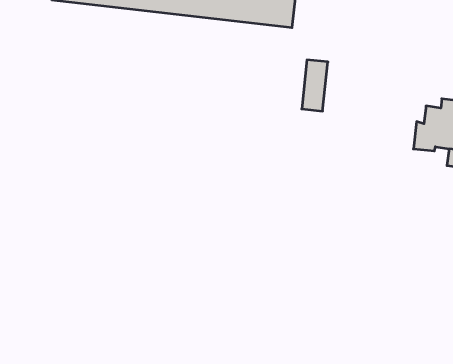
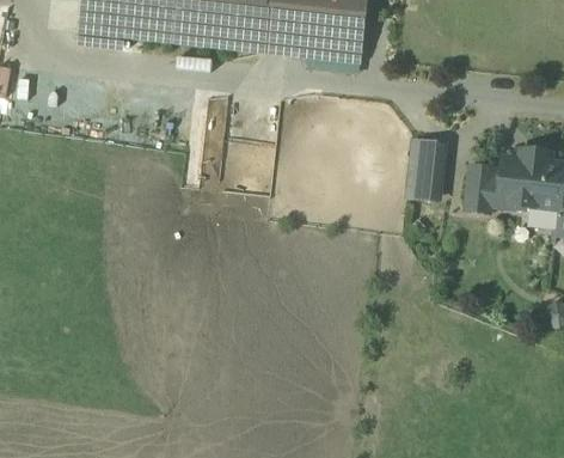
building: [302,60,328,111] -> [411,139,441,197]
building: none -> [470,164,496,209]

